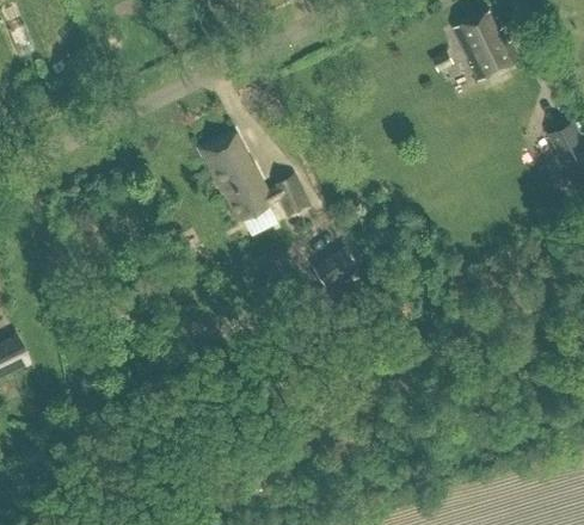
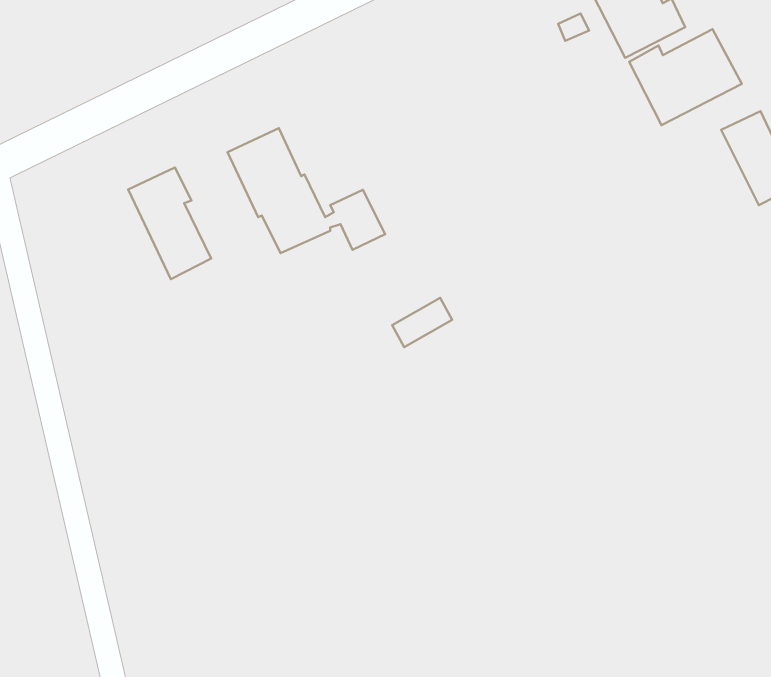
building: none -> [629,29,742,125]
building: none -> [128,167,211,279]

